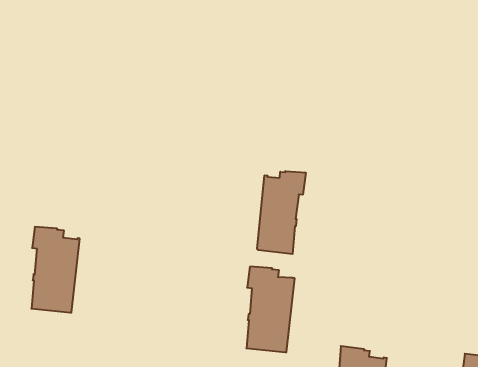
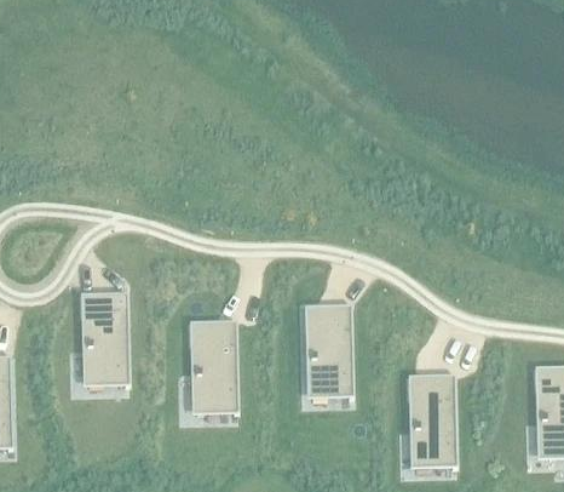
building: [257,171,306,254] -> none
building: none -> [186,325,235,410]

